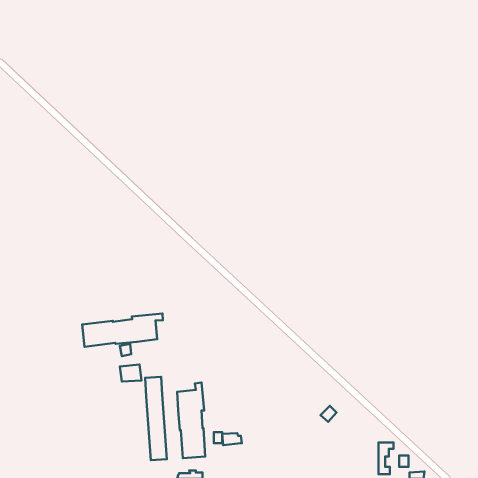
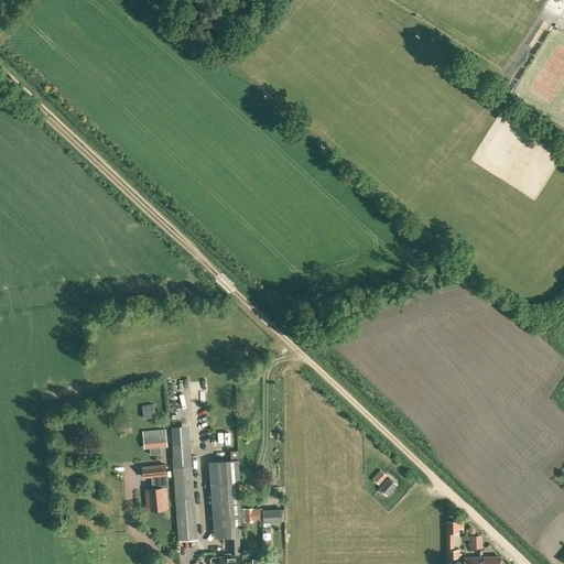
building: [82,314,163,347] -> none
building: none -> [141,465,167,511]

